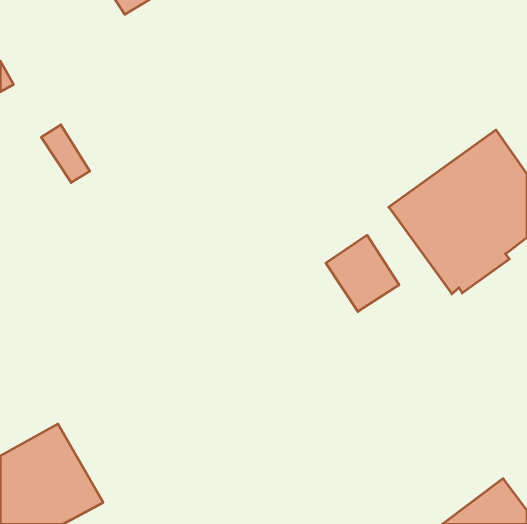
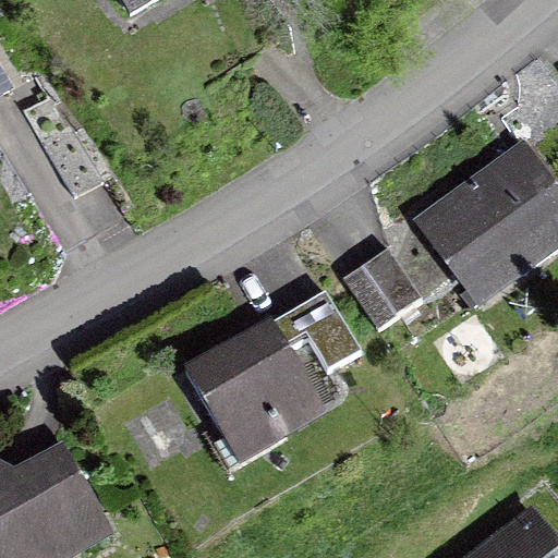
building: none -> [183,290,362,464]

